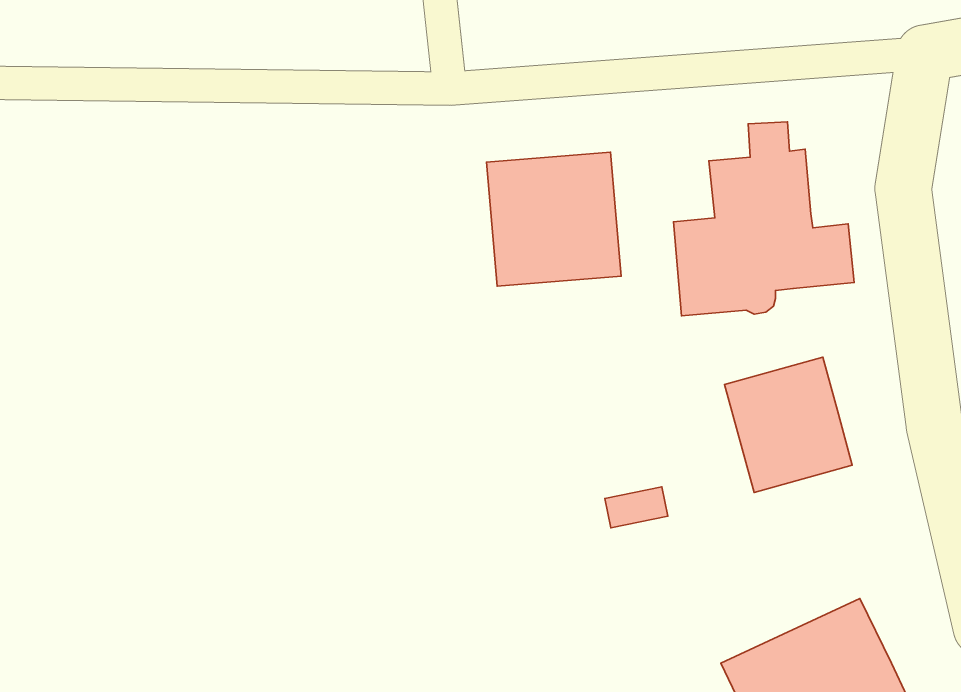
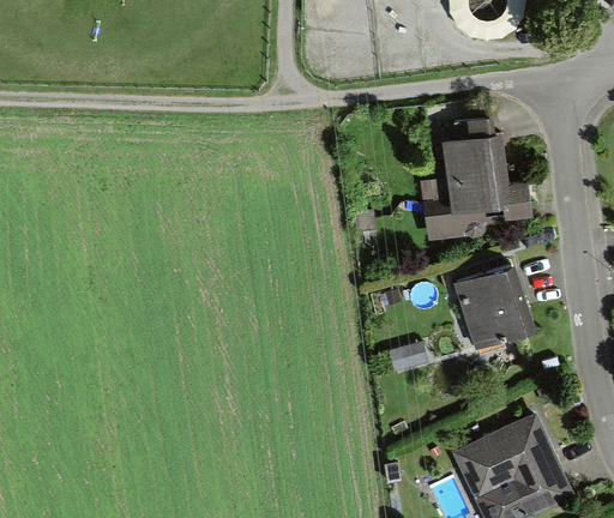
building: [486,152,621,286] -> none

